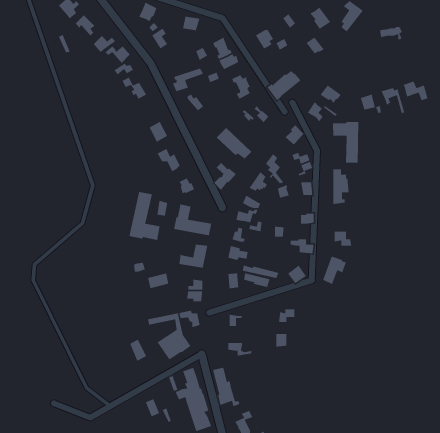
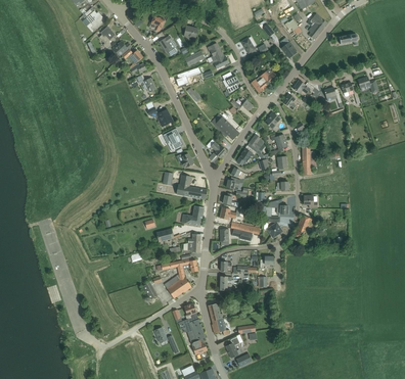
building: [332,121,359,164] -> none
building: [129,191,161,241] -> none

